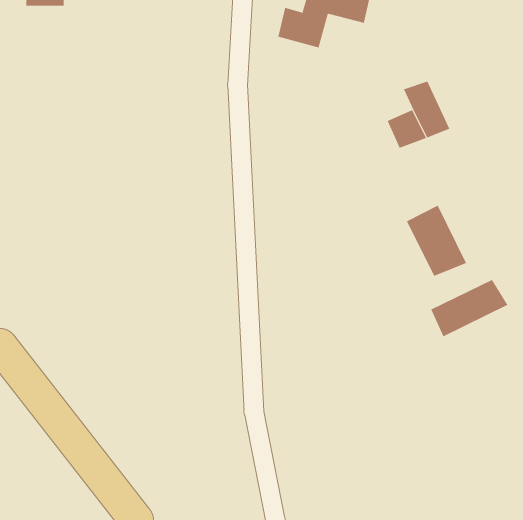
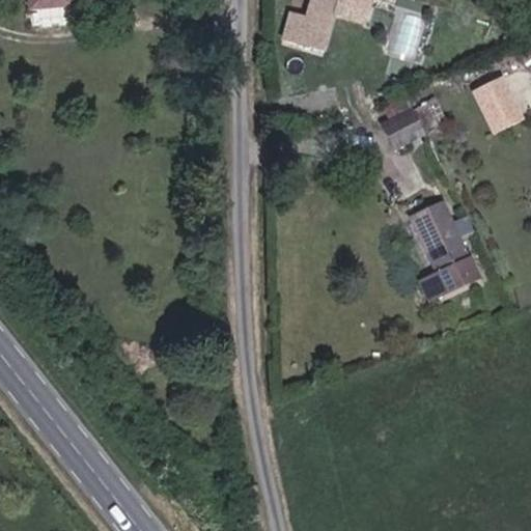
building: none -> [475,75,523,128]
building: [430,279,508,337] -> none

